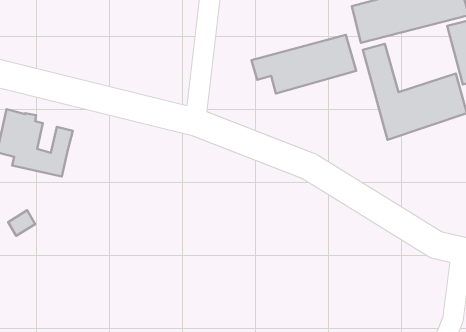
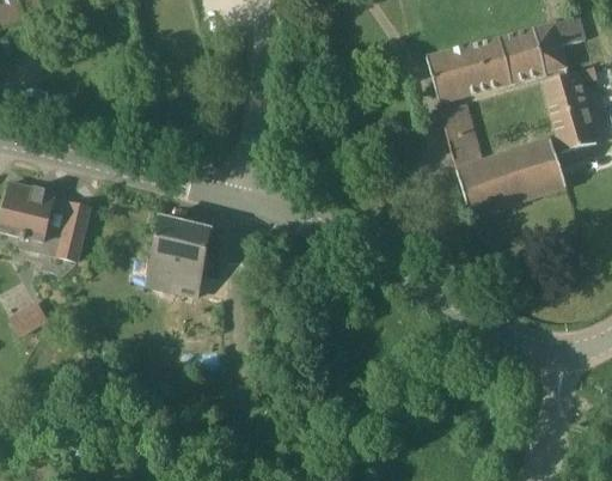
building: [252,35,356,94] -> none
building: none -> [145,215,212,294]

